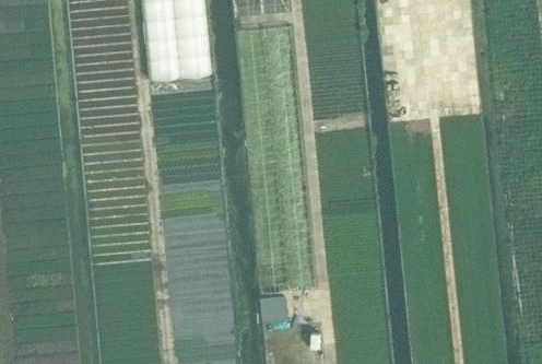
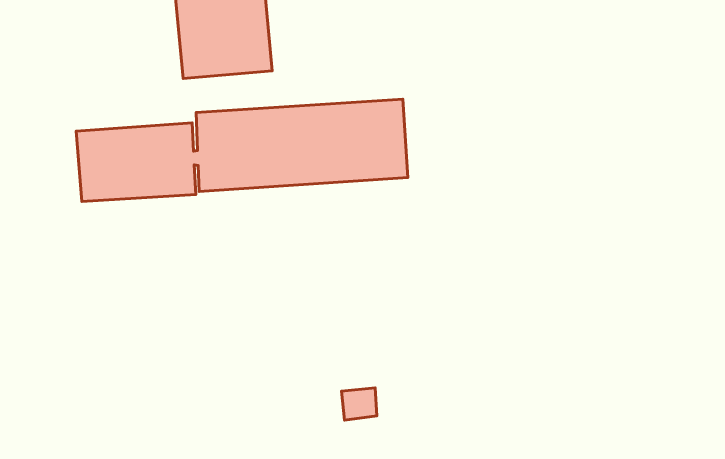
building: none -> [76,99,408,201]

